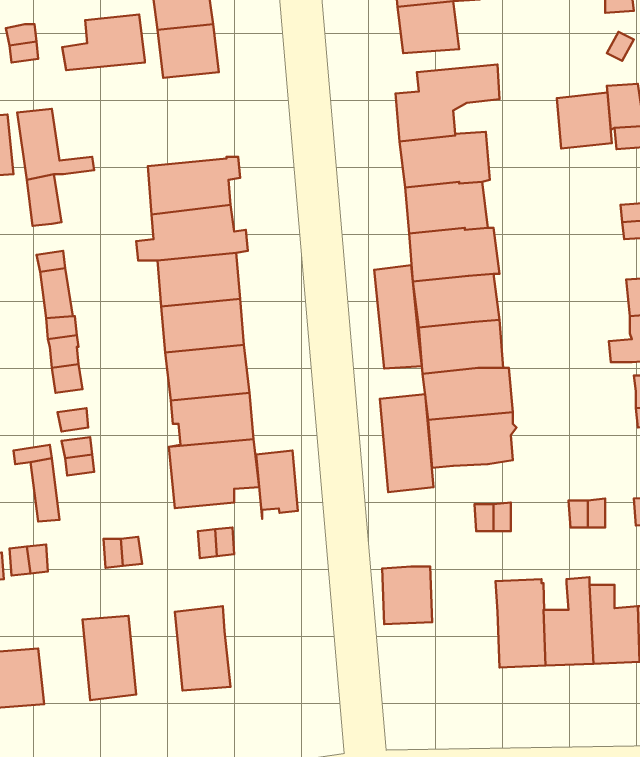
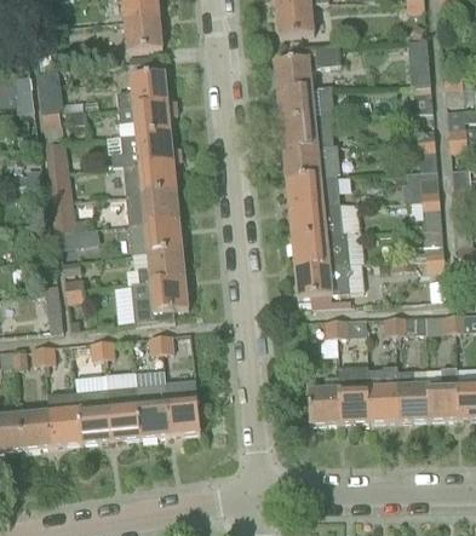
building: [62,14,145,70] -> [115,71,167,106]
building: [557,93,612,148] -> none
building: [374,265,422,369] -> none
building: [380,394,434,492] -> none
building: [256,451,298,519] -> none
building: [382,567,432,624] -> [308,387,339,423]
building: none -> [105,387,139,439]
building: none -> [47,392,81,445]
building: none -> [166,396,200,434]

